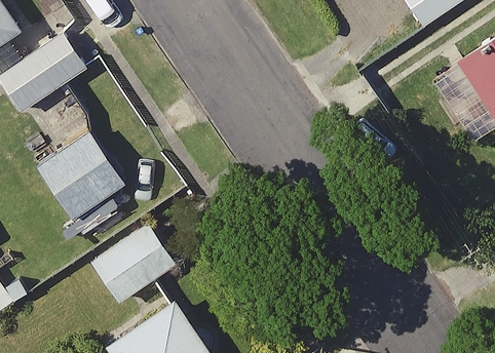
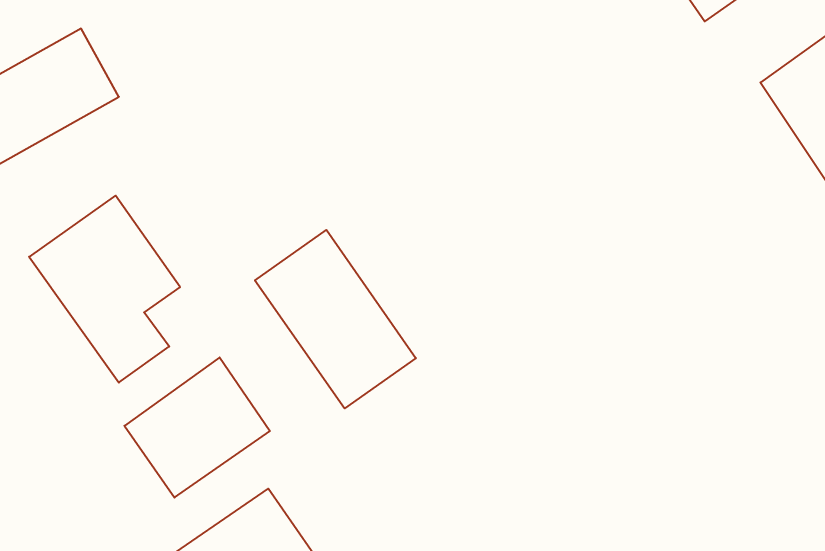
building: none -> [255,230,416,408]

